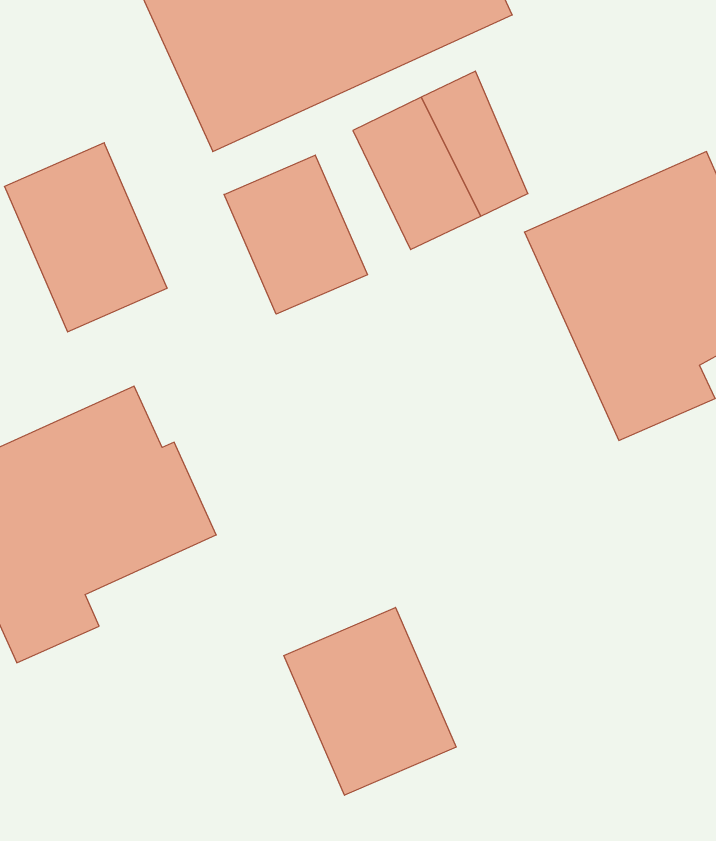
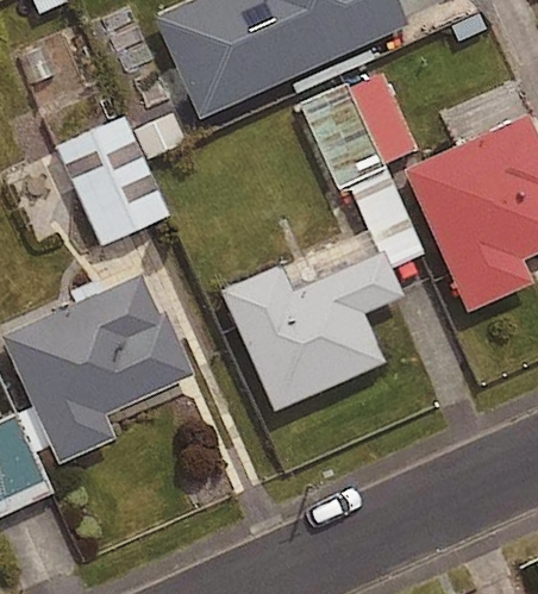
building: [224,155,367,314] -> none
building: none -> [223,252,406,412]
building: [284,607,456,795] -> none

